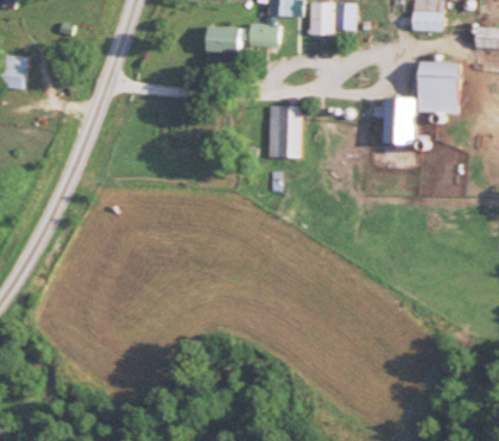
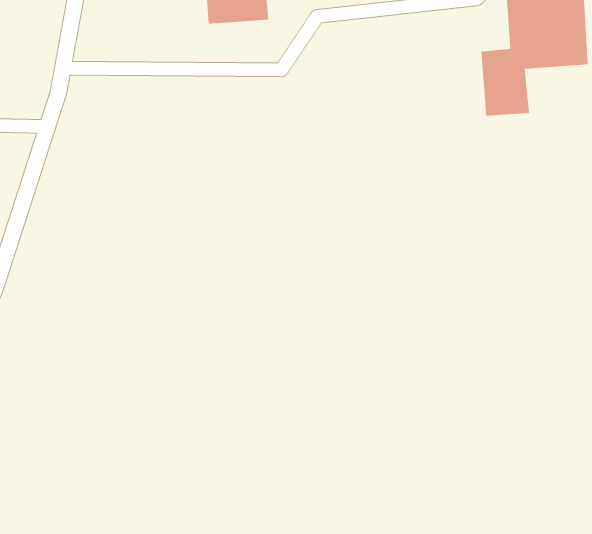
building: [265,106,299,158] -> none

